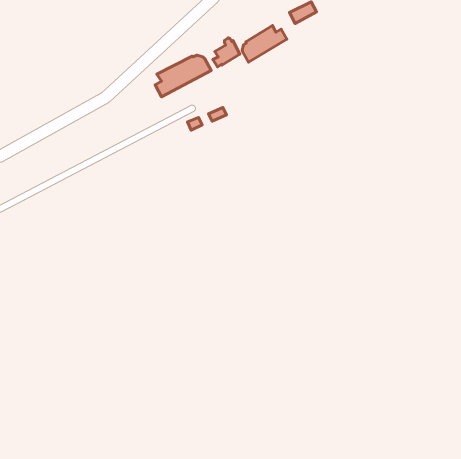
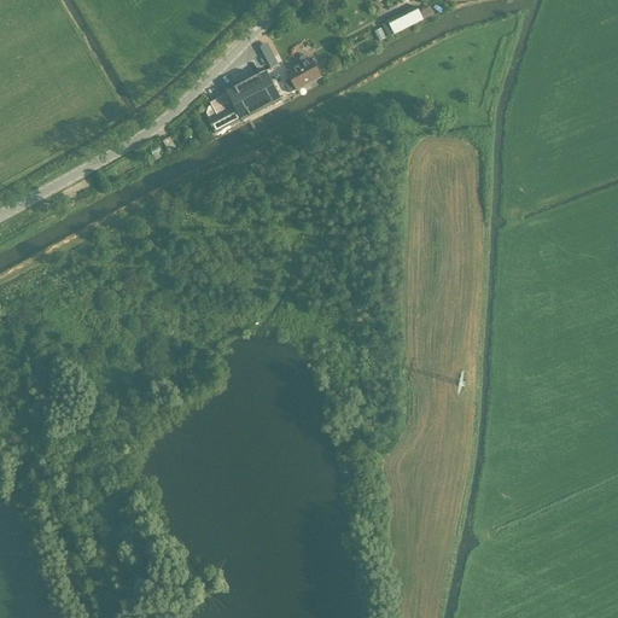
building: [242,25,287,62] -> none

